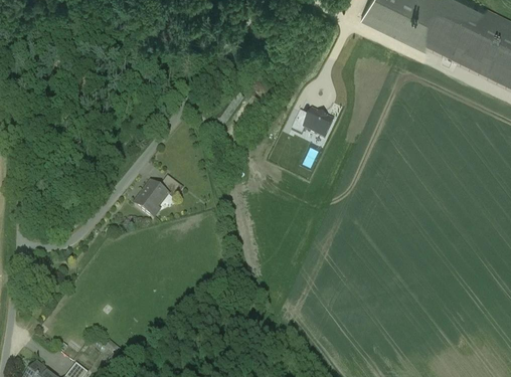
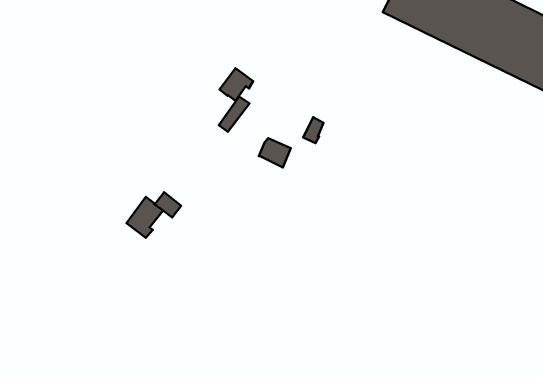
building: none -> [219,68,253,101]
building: [305,113,333,139] -> [259,138,291,168]

